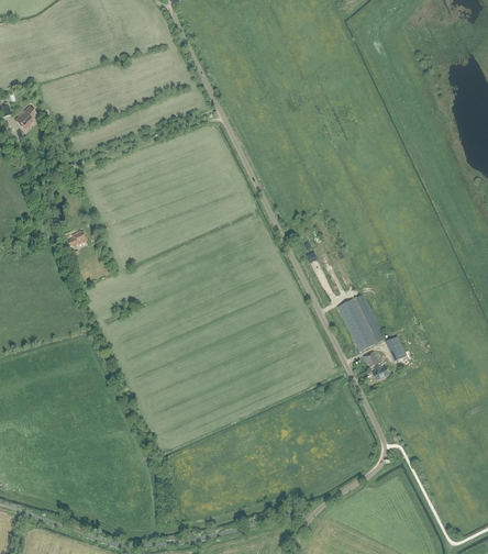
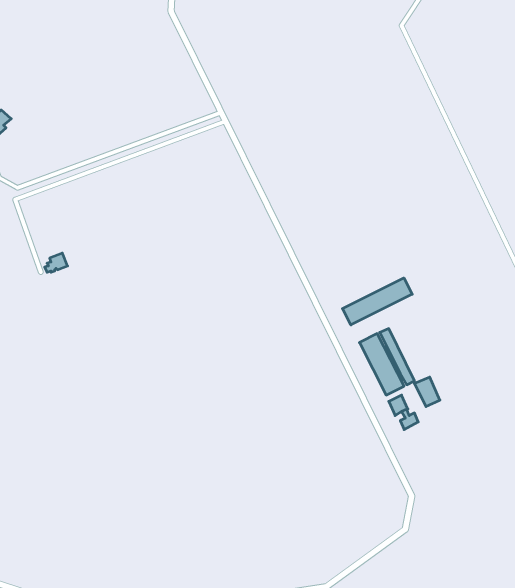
building: none -> [342,278,412,325]

